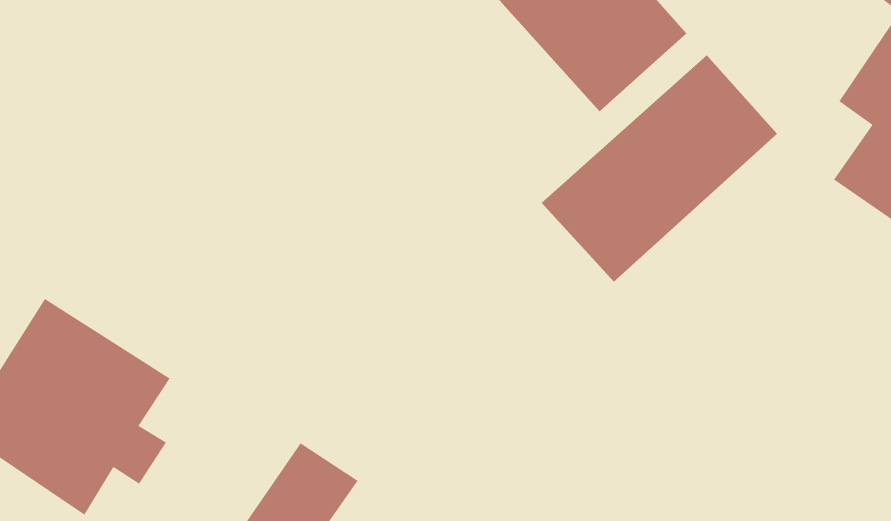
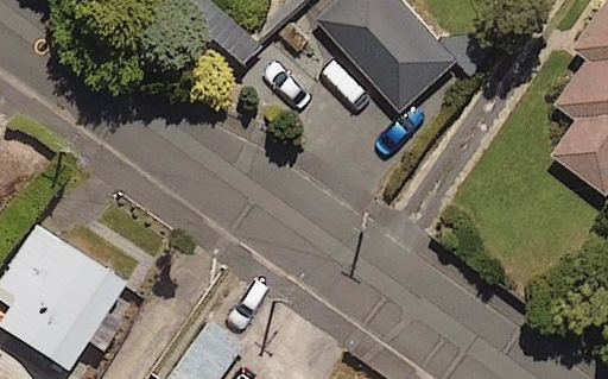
building: [541,54,778,282] -> none

